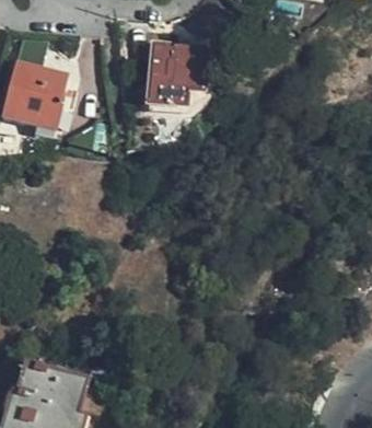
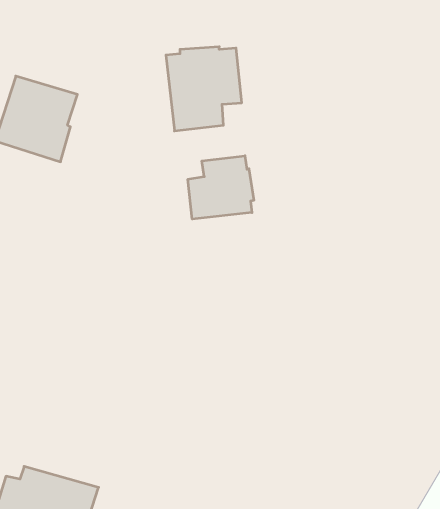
building: none -> [188,156,254,219]

